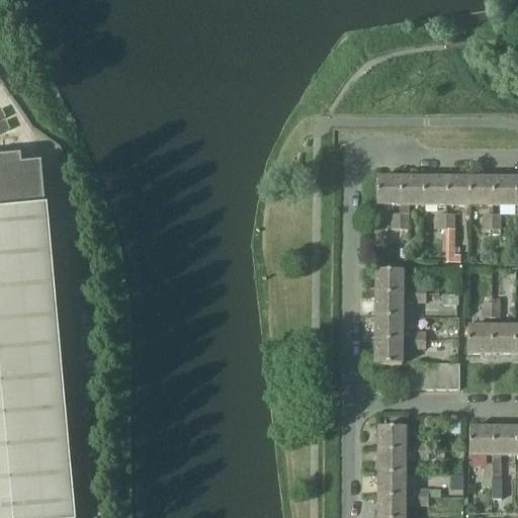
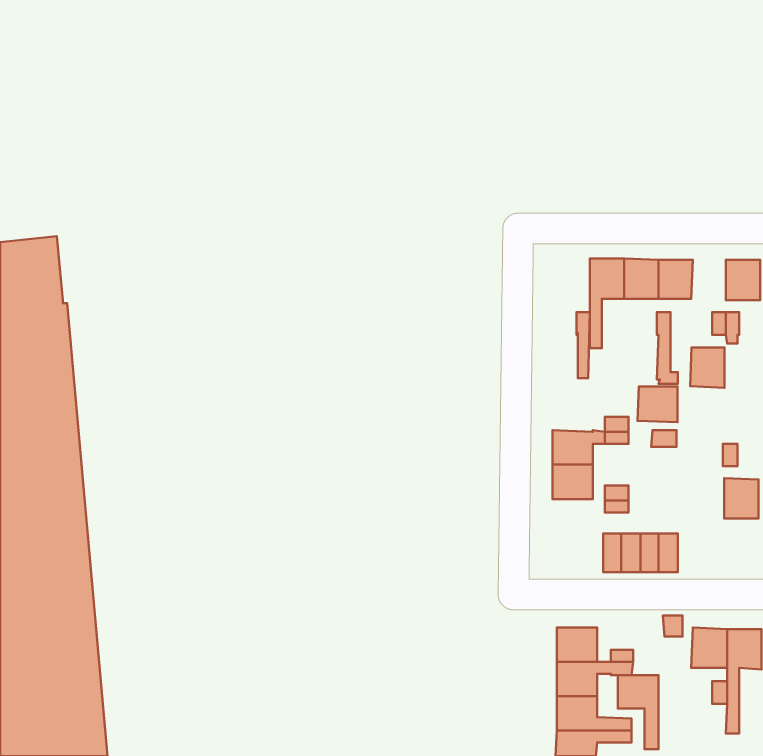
building: [376,175,400,202] -> none
building: [468,176,492,203] -> [690,347,724,388]
building: [374,268,402,292] -> [637,386,678,422]
building: [467,324,491,351] -> none
building: [374,338,402,361] -> none
building: none -> [618,675,659,749]

